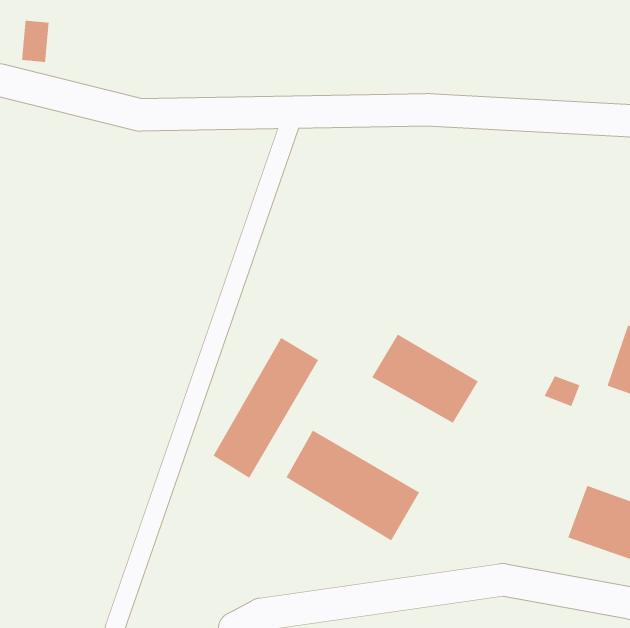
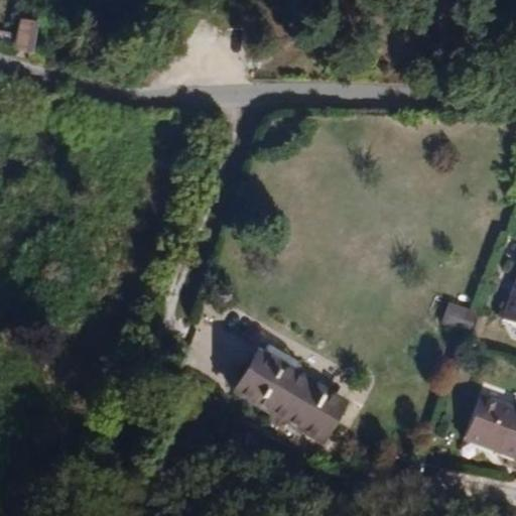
building: [371,333,479,424] -> none
building: [212,337,319,479] -> none

